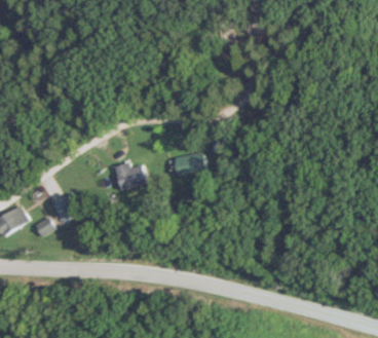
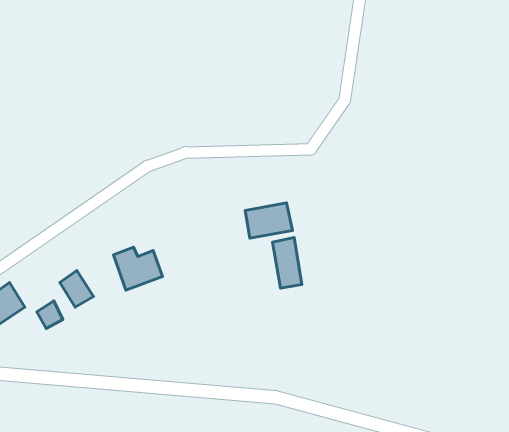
building: [114,161,147,190] -> [113,247,162,290]
building: none -> [272,237,302,288]

